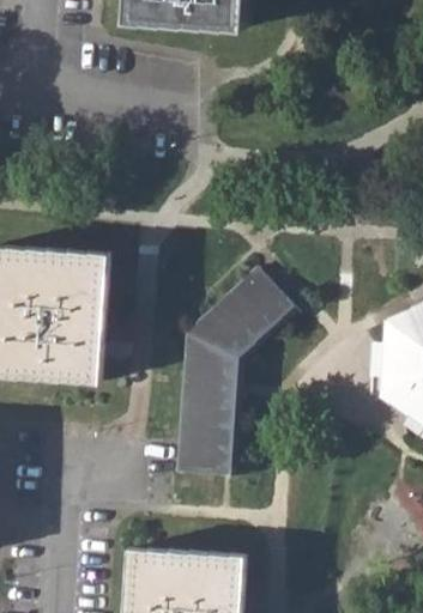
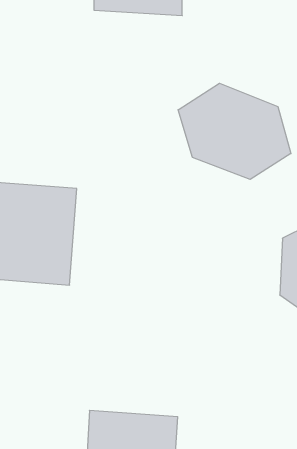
building: none -> [178,83,291,179]
building: [176,267,301,474] -> none

